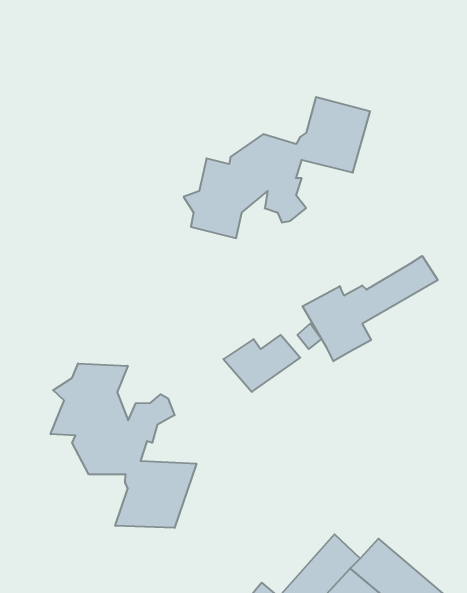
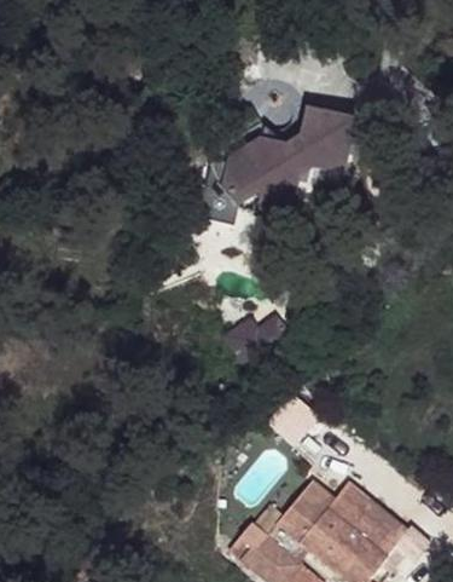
building: [303,256,438,361] -> none
building: [51,363,196,528] -> none

